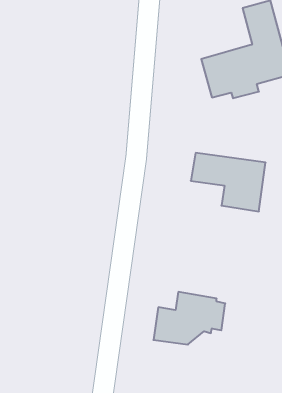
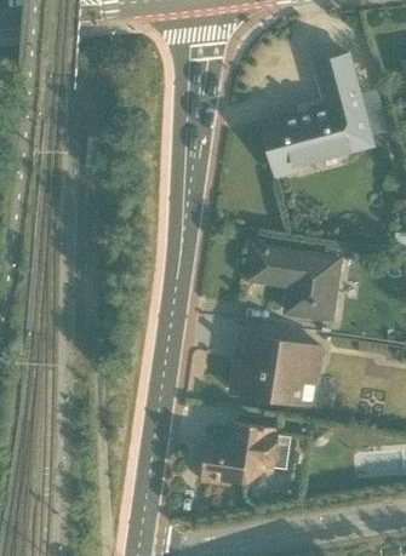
building: none -> [231,334,325,406]

